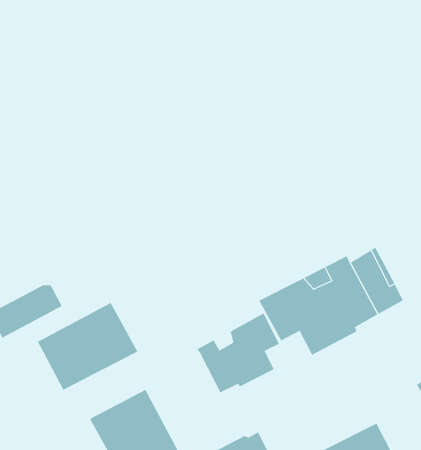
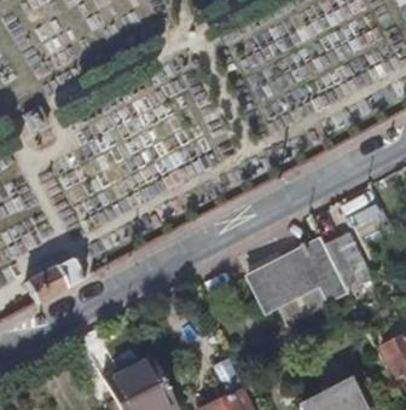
building: [37,302,138,391] -> none
building: [197,313,279,393] -> none

